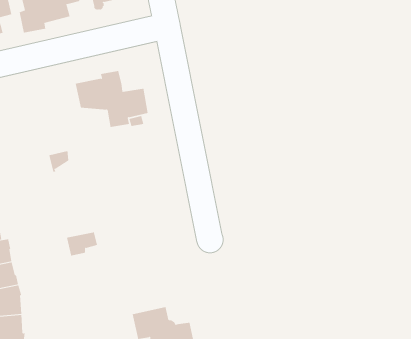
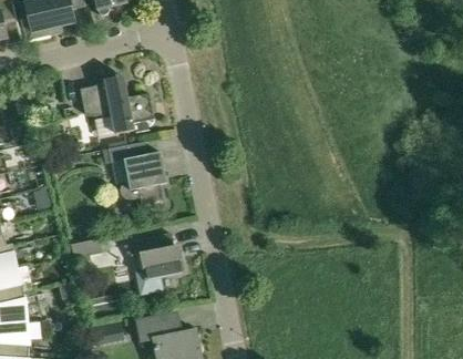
building: none -> [106,141,165,209]
building: none -> [127,235,183,295]

